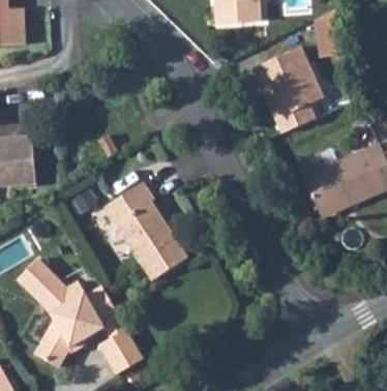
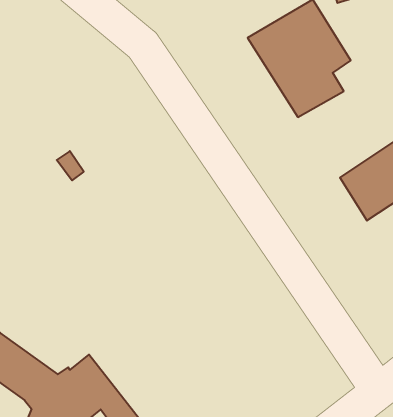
building: [103,182,187,280] -> none

